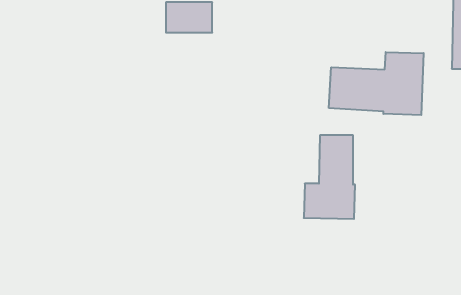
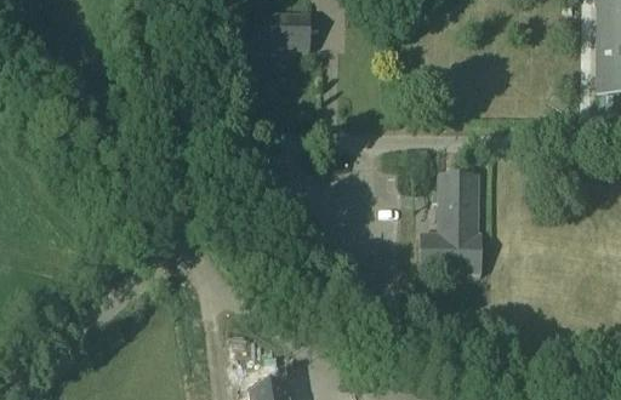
building: [329,52,424,115] -> none

